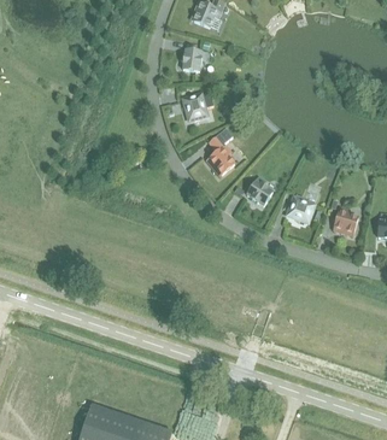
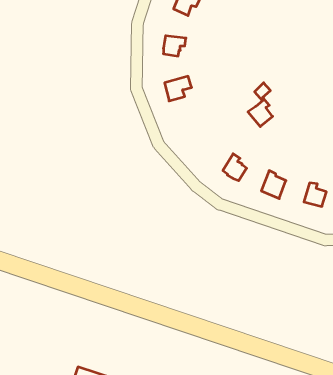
building: [209,127,235,174] -> [248,83,273,127]

